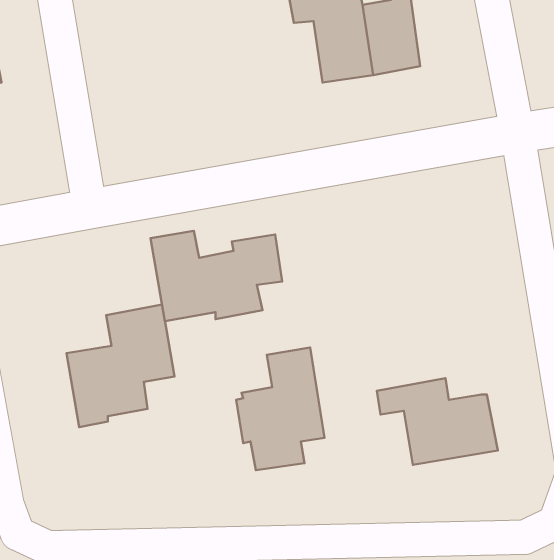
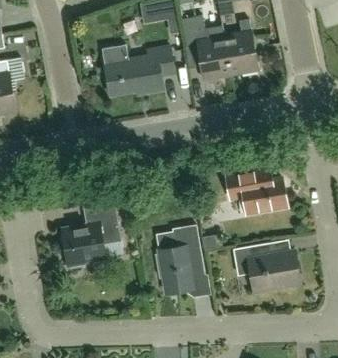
building: [151,231,282,321] -> [102,45,175,95]
building: none -> [226,168,287,214]

